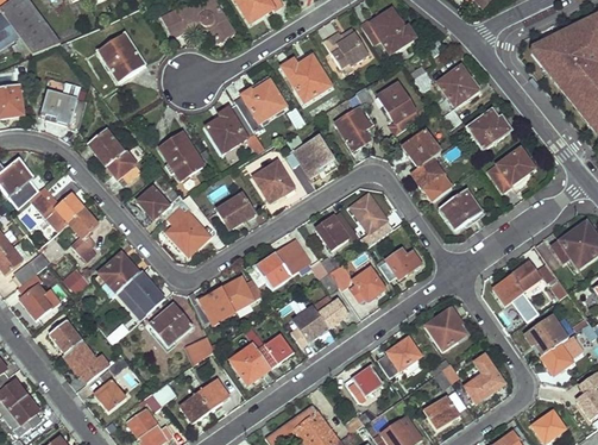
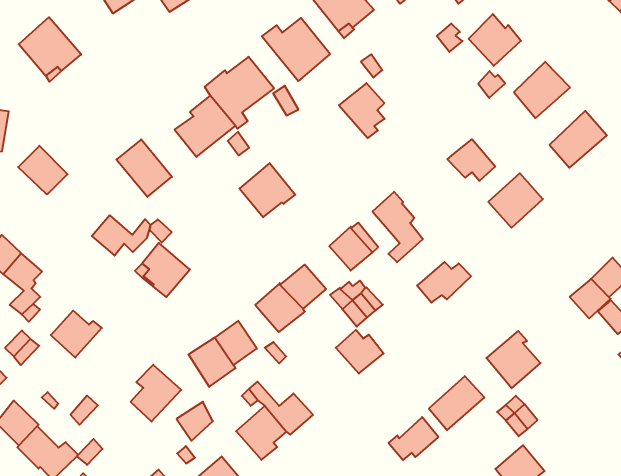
building: [373,75,413,121] -> none
building: [407,132,440,168] -> none
building: [292,134,333,177] -> none
building: [107,151,141,182] -> none
building: [215,193,253,227] -> none
building: [350,269,384,301] -> none
building: [114,270,156,305] -> none
building: [294,306,327,340] -> none
building: [464,355,504,402] -> none

